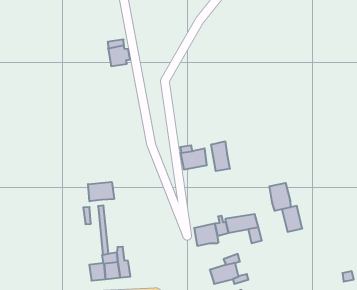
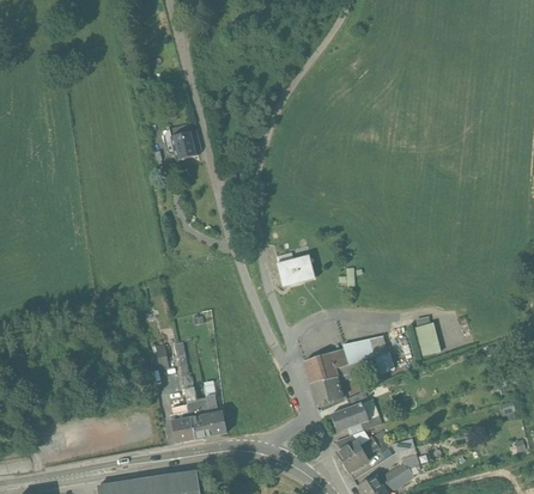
building: [211,141,230,171] -> none
building: [88,182,114,201] -> none
building: [269,183,291,211] -> none
building: none -> [310,378,341,404]

